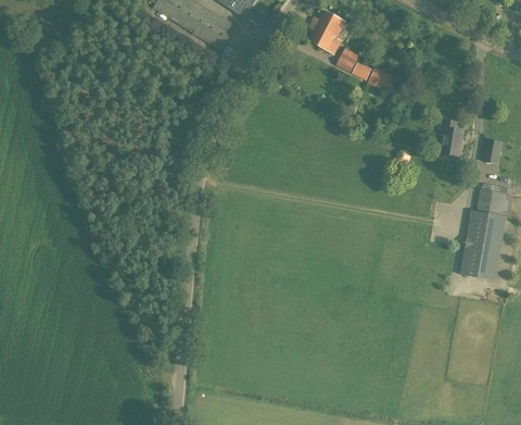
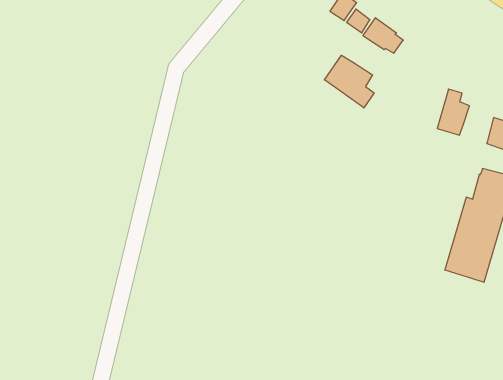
building: none -> [324,55,374,108]

